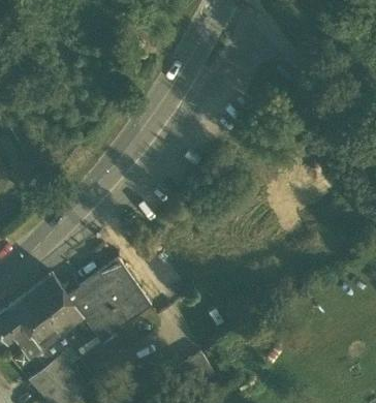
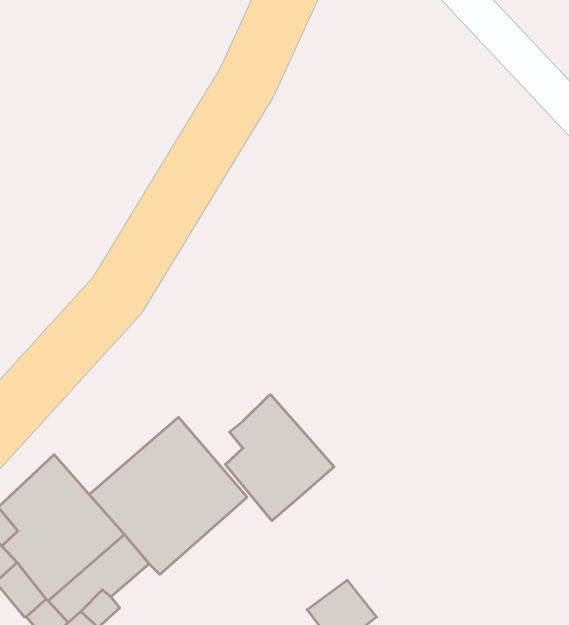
building: none -> [225,395,334,521]

